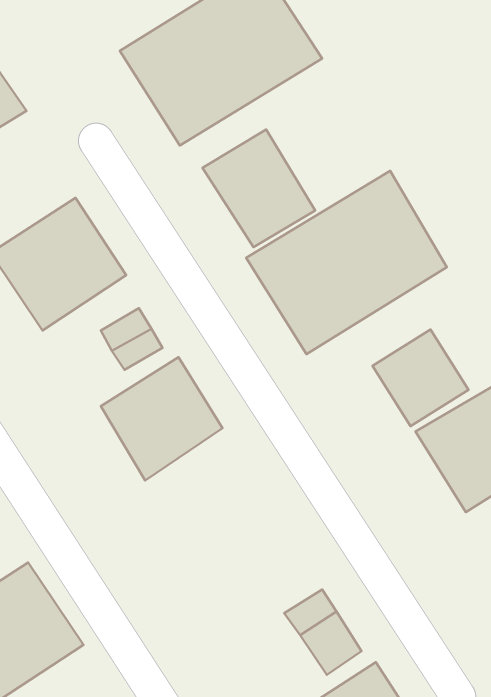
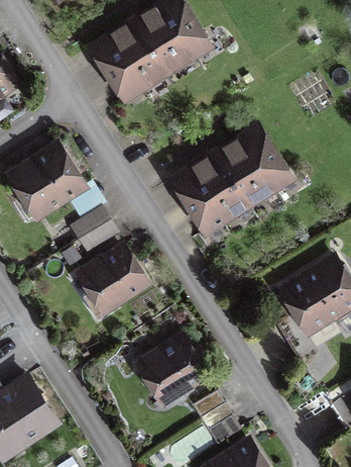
building: [202,129,315,247] -> none
building: [372,330,468,426] -> none
building: none -> [132,331,209,408]

